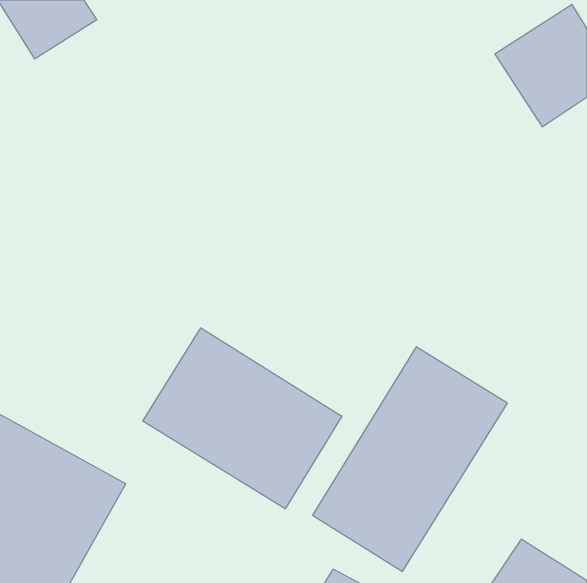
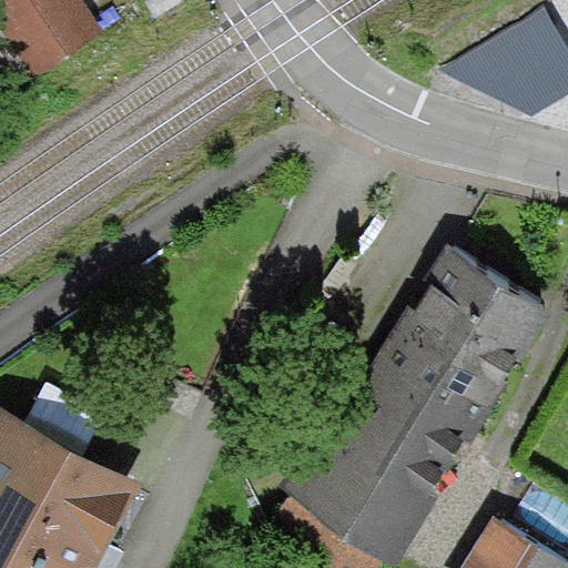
building: none -> [400,254,541,394]
building: [143,328,342,509] -> none

